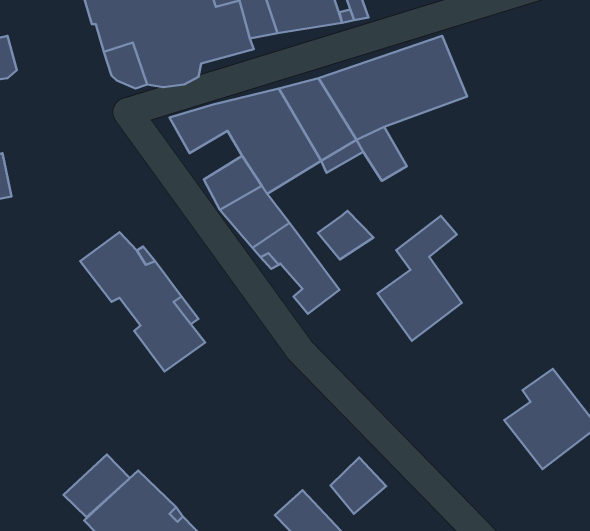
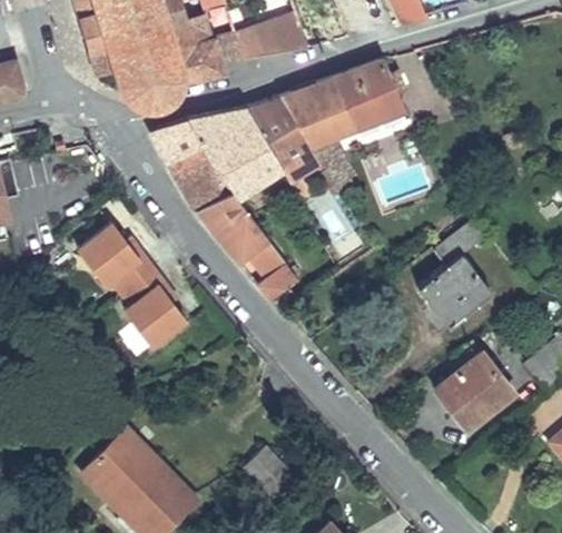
building: none -> [170,142,215,184]
building: [318,211,373,259] -> none
building: [378,216,462,341] -> [420,221,491,327]
building: [64,455,130,517] -> none
building: [331,458,386,514] -> none

